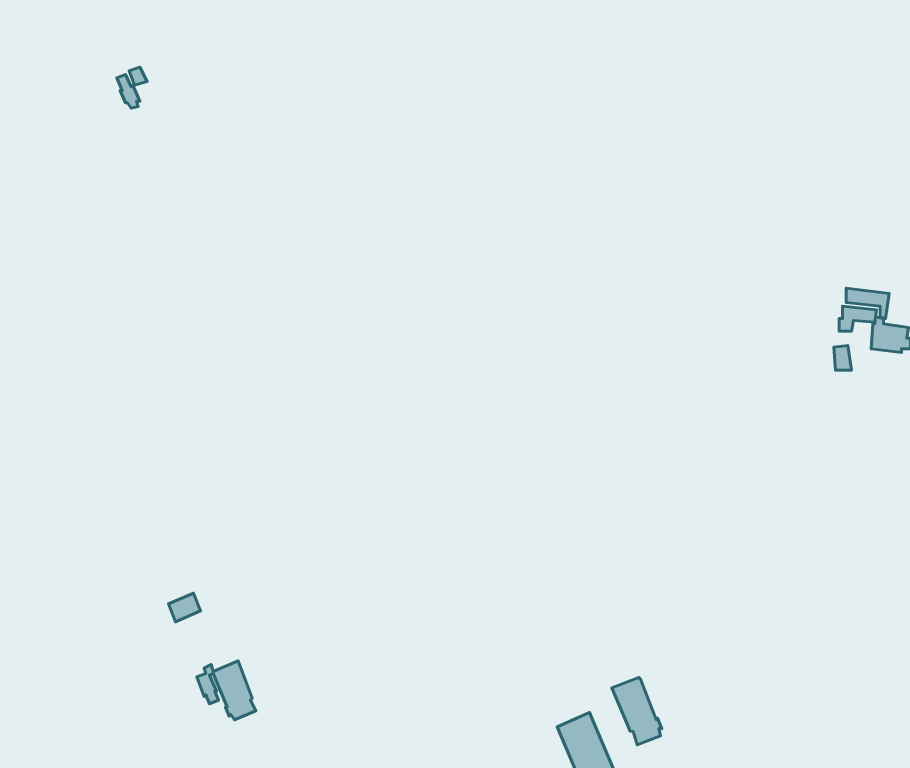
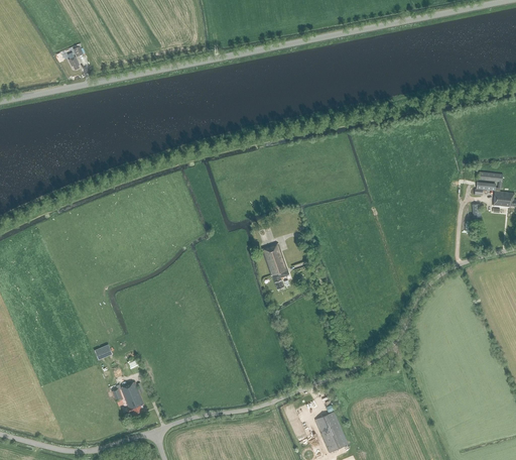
building: none -> [262,242,289,289]
building: [612,678,662,745] -> none

